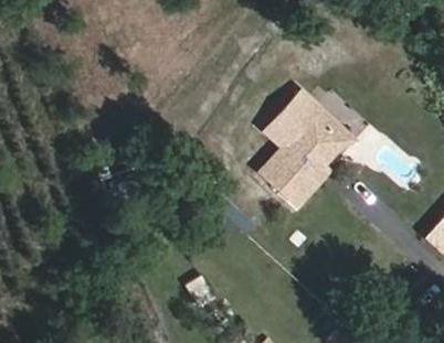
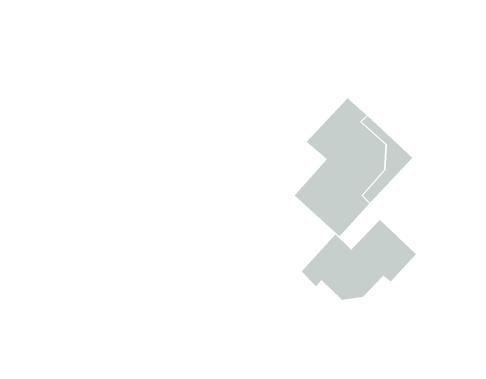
building: none -> [301,219,417,300]

